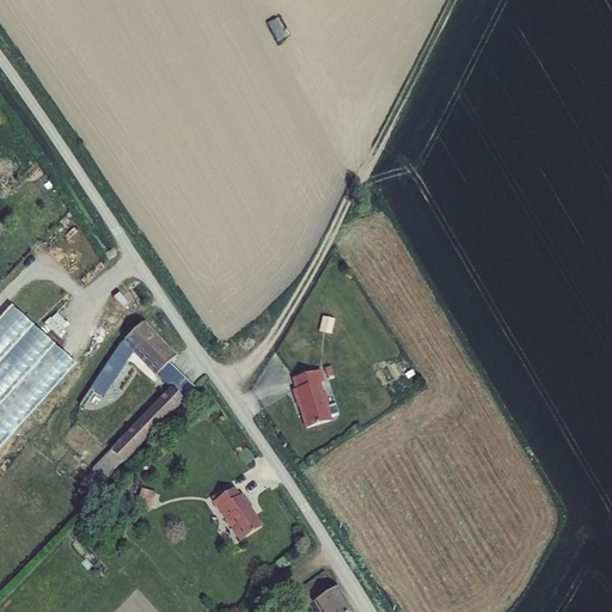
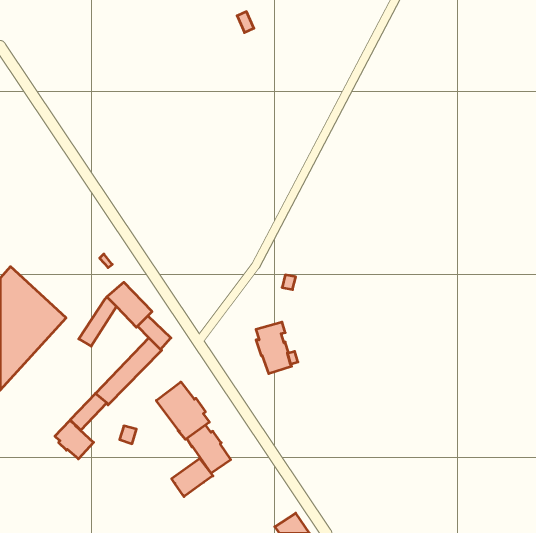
building: none -> [156,382,209,439]
building: none -> [55,420,94,459]
building: none -> [172,459,213,497]

